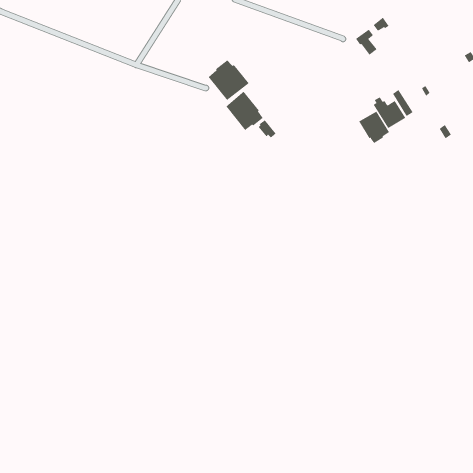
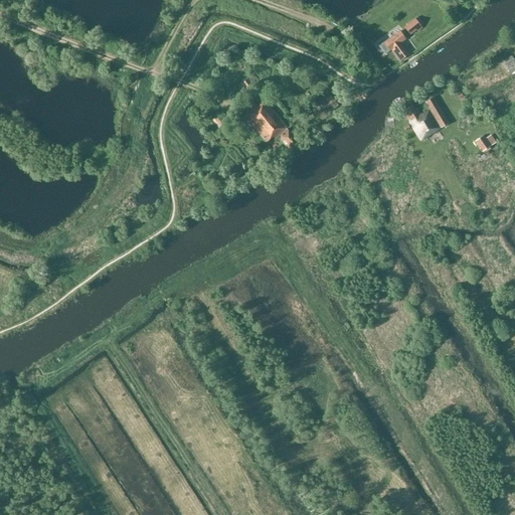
building: [208,59,249,101] -> none
building: [358,111,390,144] -> none

